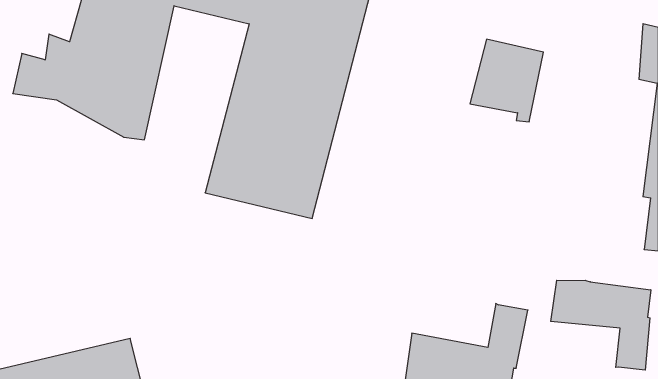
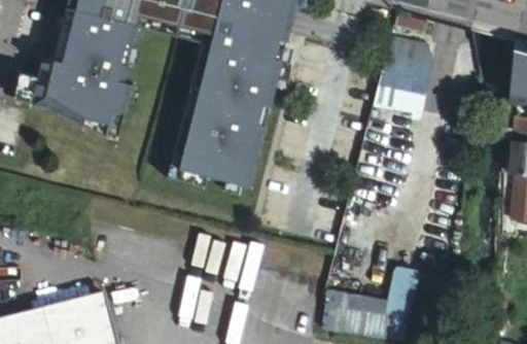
building: [551,280,651,370] -> none

